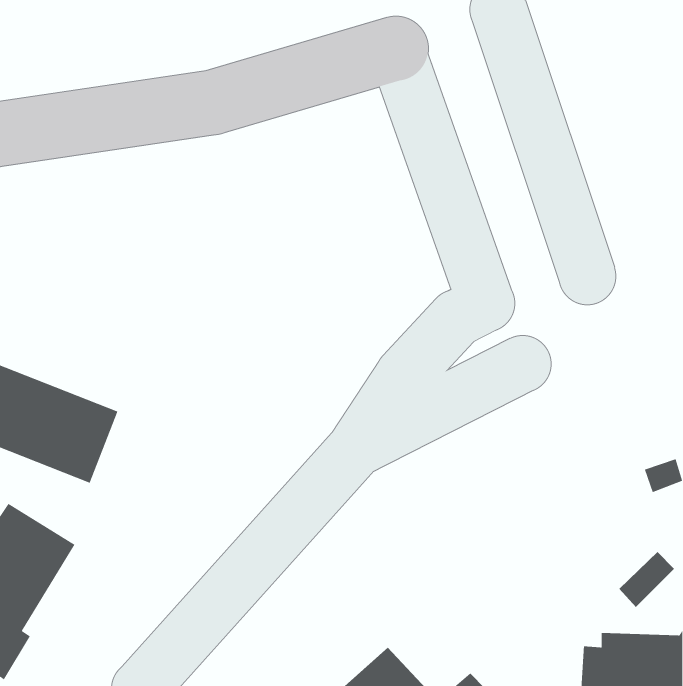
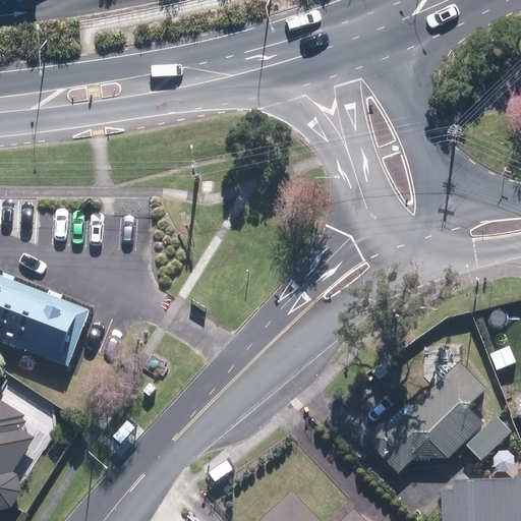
building: none -> [364,361,486,472]

